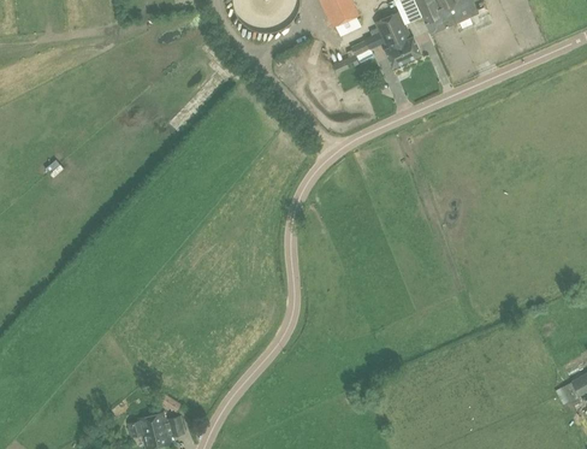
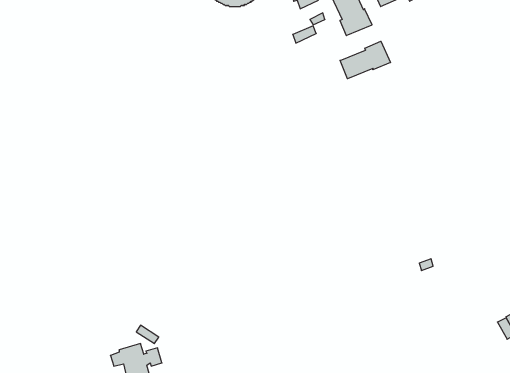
building: none -> [340,41,390,79]

